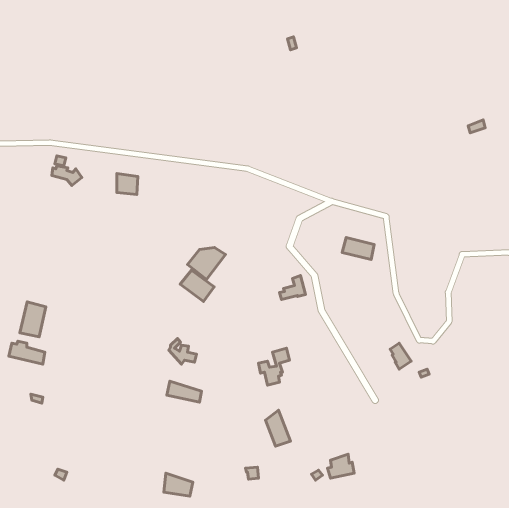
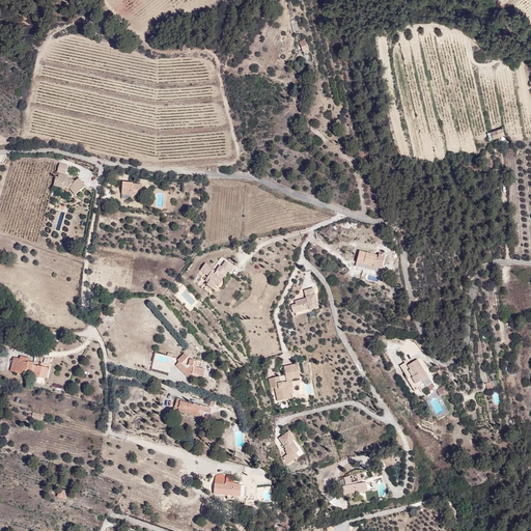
building: [180,270,214,302] -> none
building: [20,302,46,337] -> none
building: [164,473,193,496] -> [215,474,245,498]

